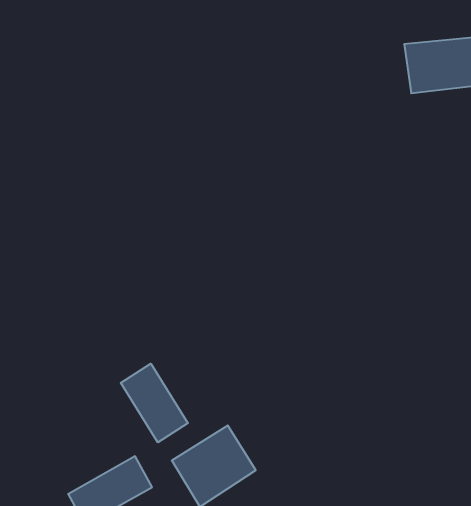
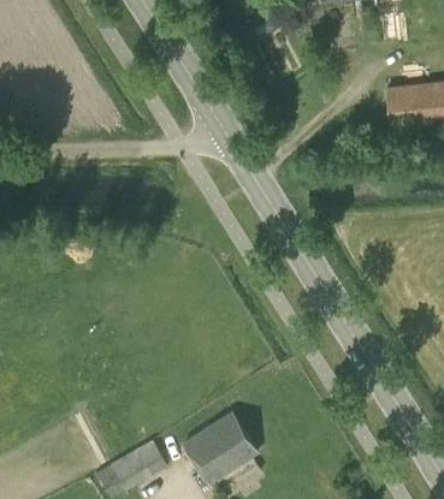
building: [121,364,188,442] -> none

